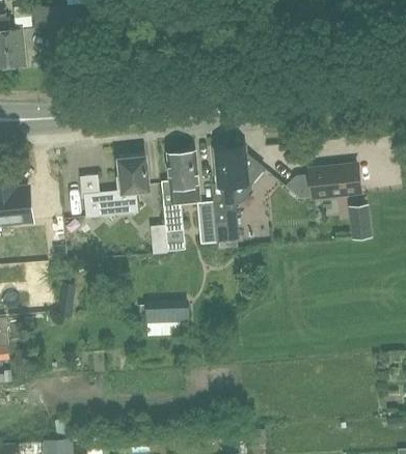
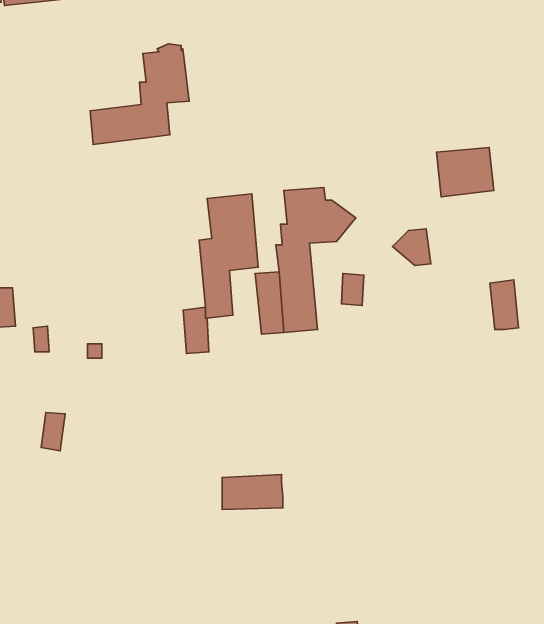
building: [84,152,148,218] -> [90,44,189,144]
building: [322,164,359,196] -> [436,147,494,197]
building: [146,303,186,325] -> [222,474,283,510]

